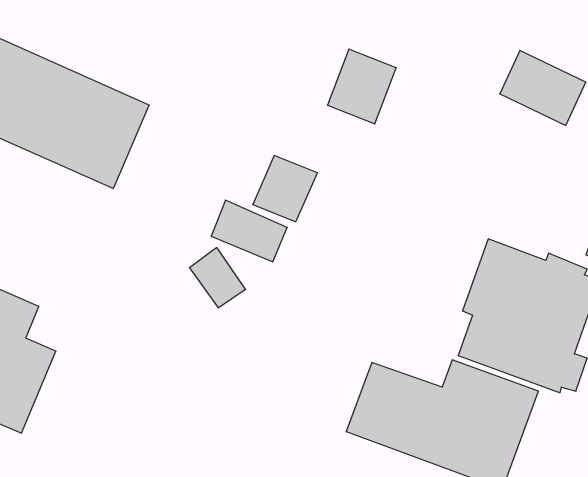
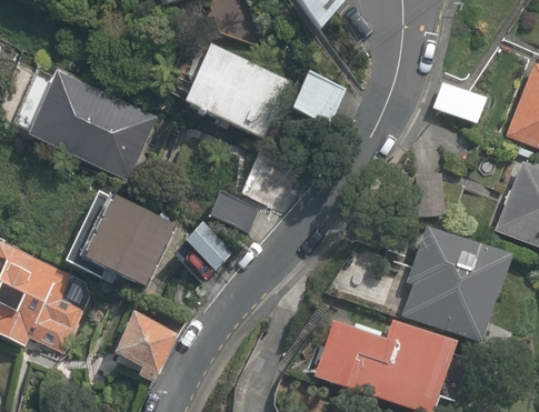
building: none -> [186,48,299,147]
building: none -> [70,189,187,298]
building: none -> [103,304,174,372]

